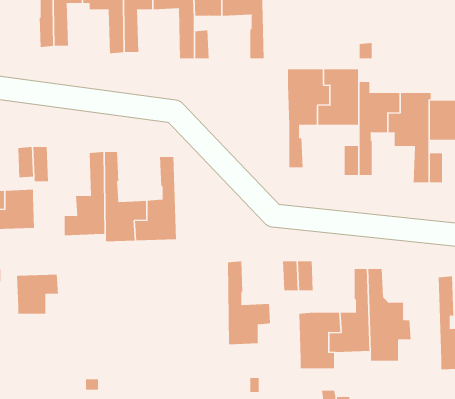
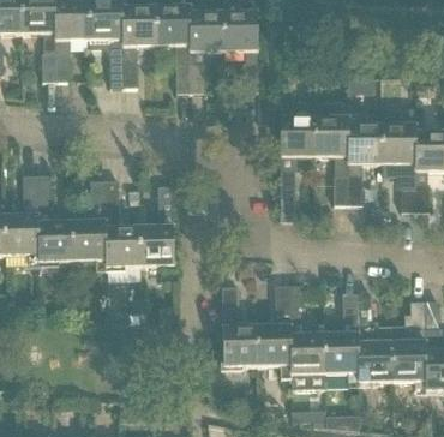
building: [16,274,59,314] -> [36,223,77,262]
building: none -> [385,301,425,382]
building: none -> [251,327,290,379]

